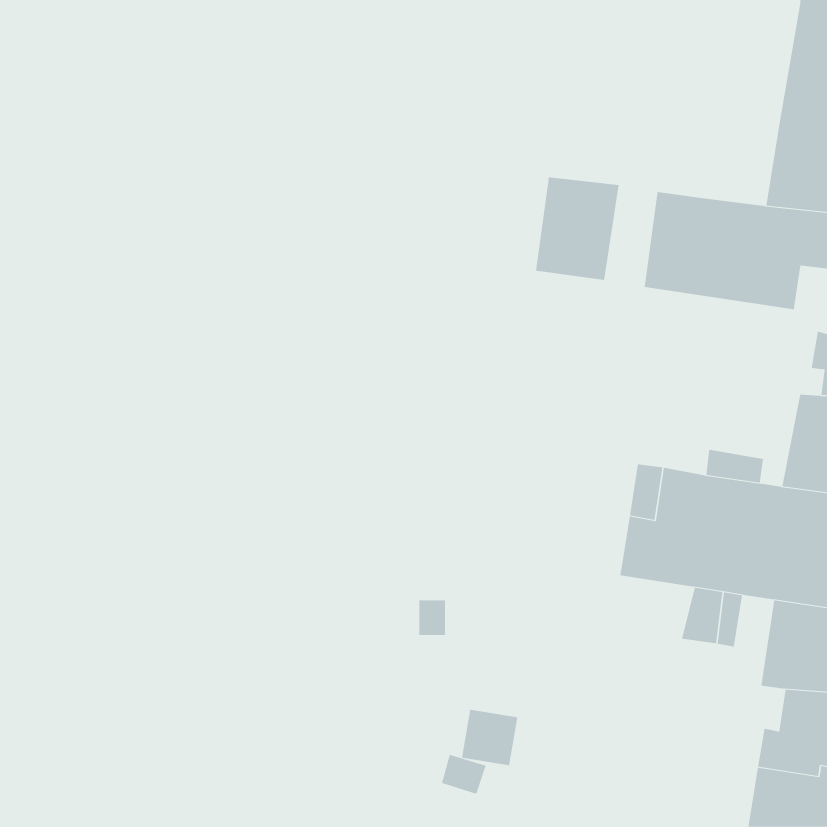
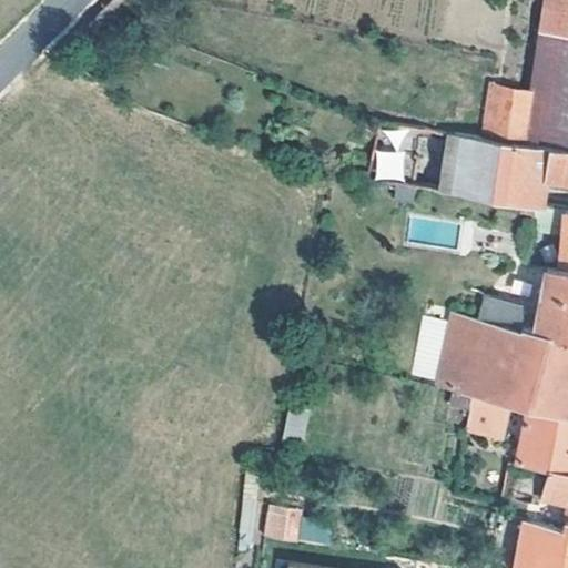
building: none -> [481,81,534,141]
building: [461,709,518,766] -> [264,503,303,541]

